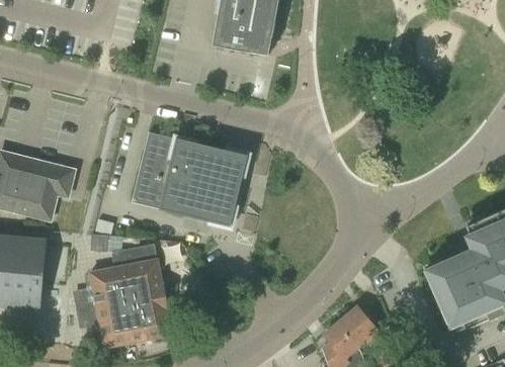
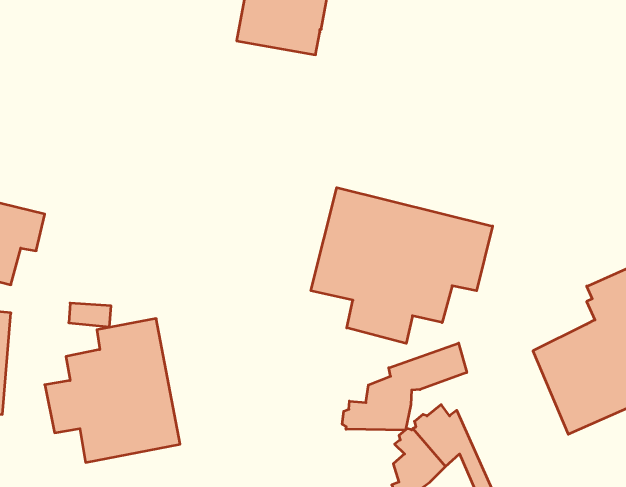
building: [132,131,247,226] -> none
building: none -> [311,188,493,343]
building: none -> [342,343,467,430]

